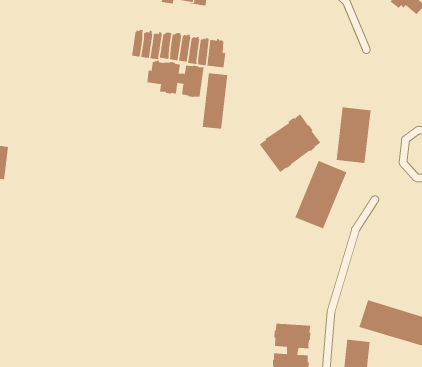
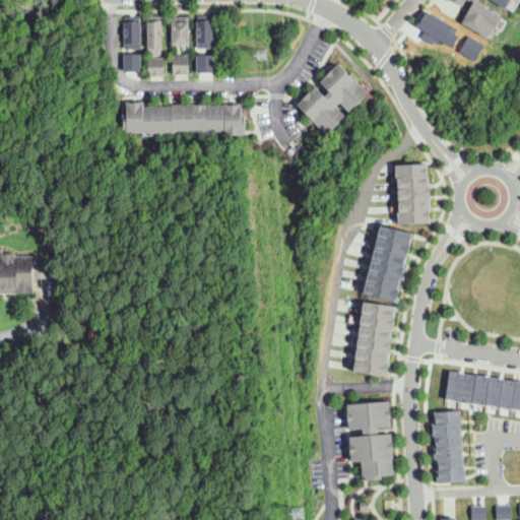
building: none -> [133,106,153,136]
building: [147,60,204,98] -> none
building: [202,72,228,129] -> none
building: [259,113,321,173] -> [306,67,373,135]
building: none -> [344,299,392,372]

